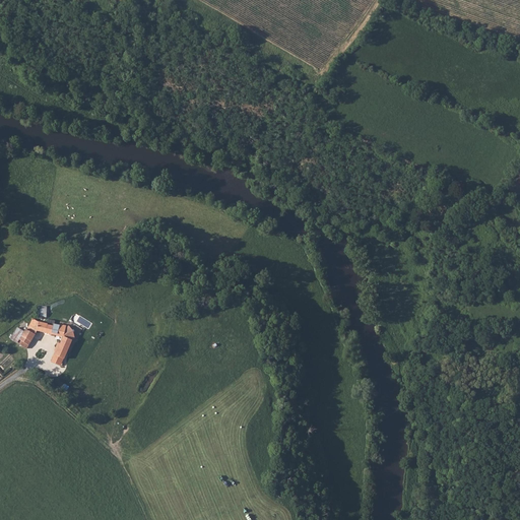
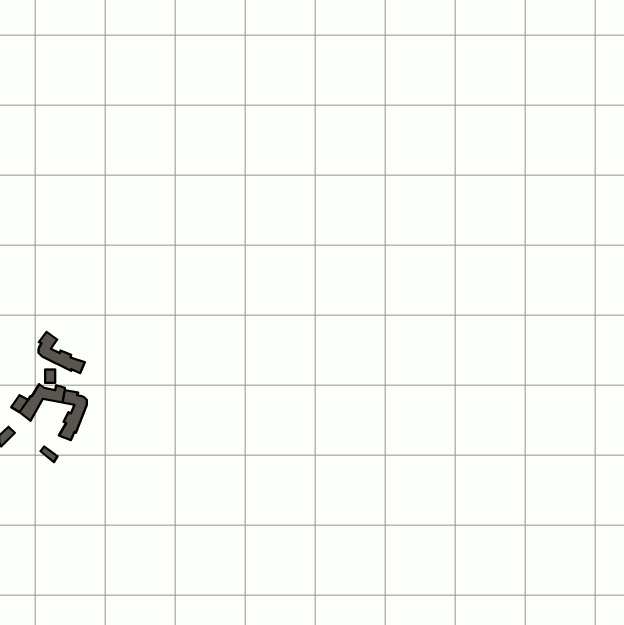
building: none -> [38,332,85,373]

